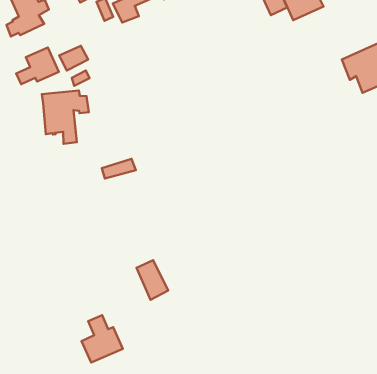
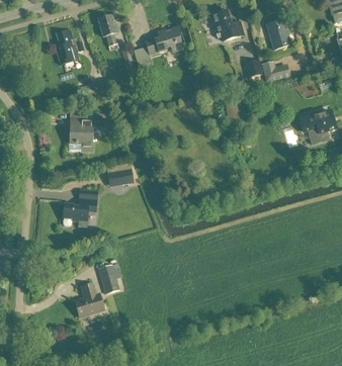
building: [16,48,59,84] -> none
building: none -> [62,198,96,226]
building: [137,260,168,300] -> [98,265,119,294]

